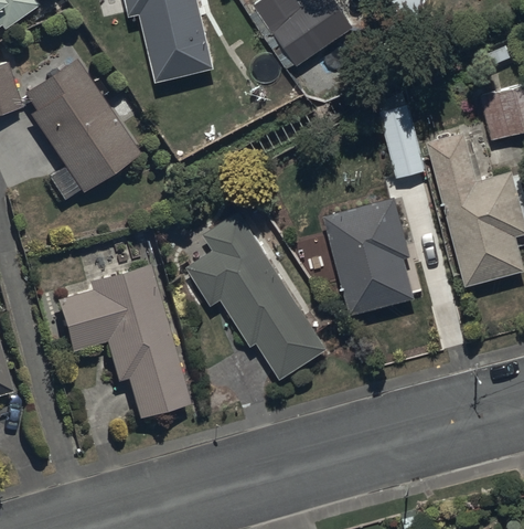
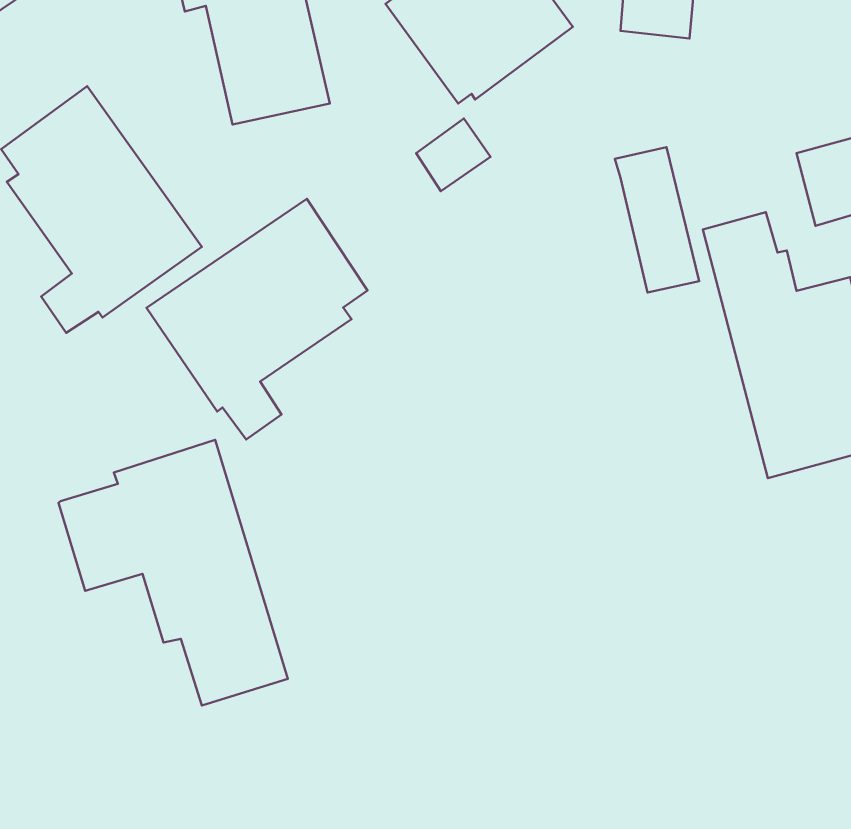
building: none -> [146,199,367,439]
building: [325,197,415,314] -> none
building: [189,211,330,377] -> none

